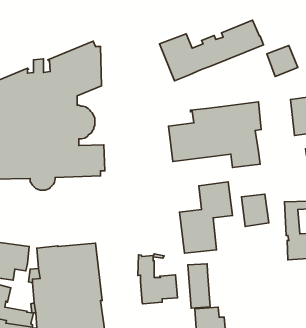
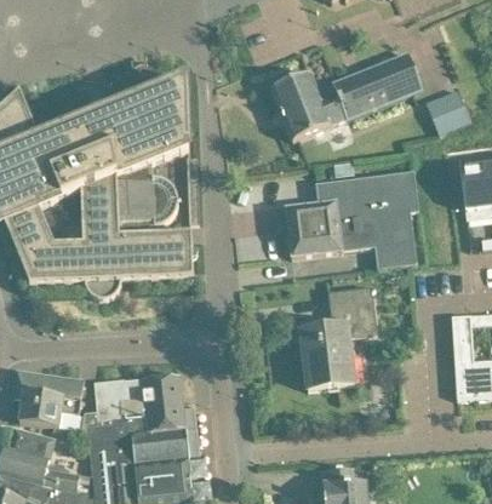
building: [242,194,269,227] -> none
building: [138,254,178,304] -> none
building: [188,264,210,308] -> none

